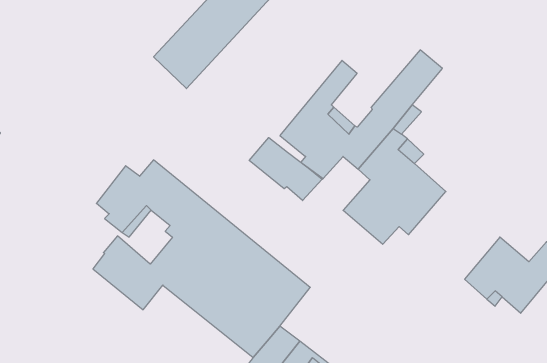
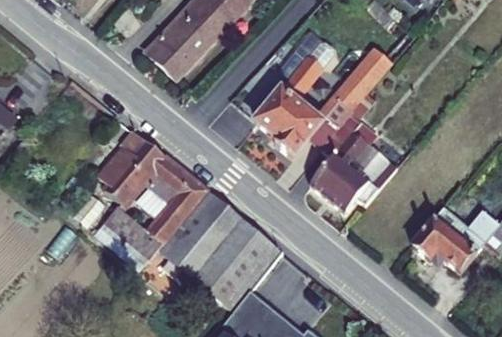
building: [249,138,322,201] -> none

